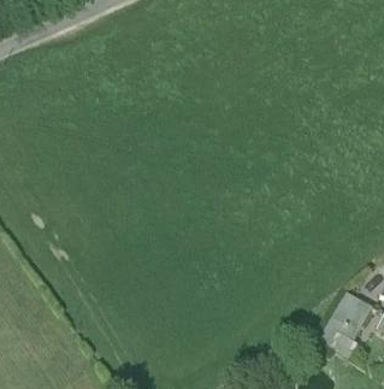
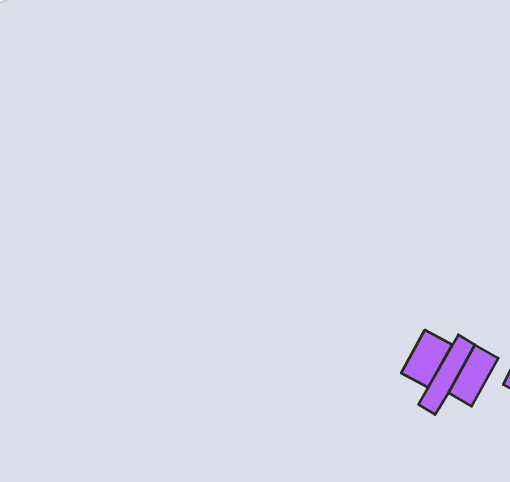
building: none -> [401,330,452,388]

